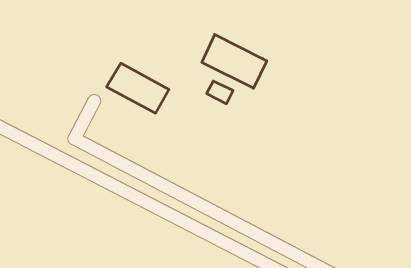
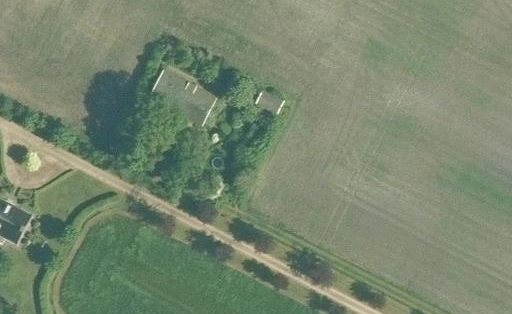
building: [202,34,267,88] -> none

